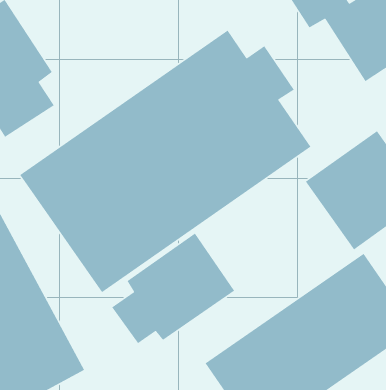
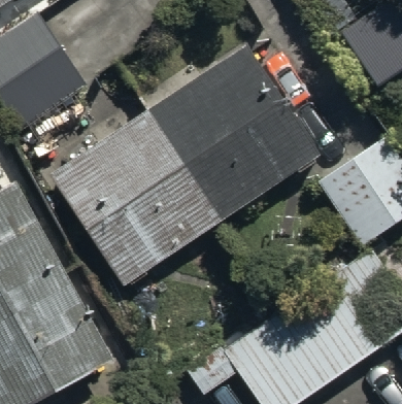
building: [111,233,235,344] -> none

